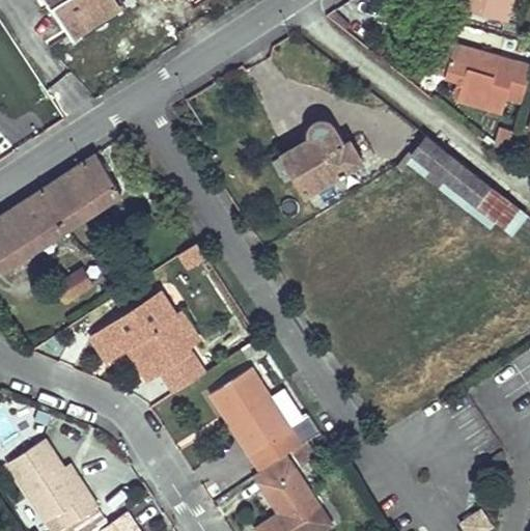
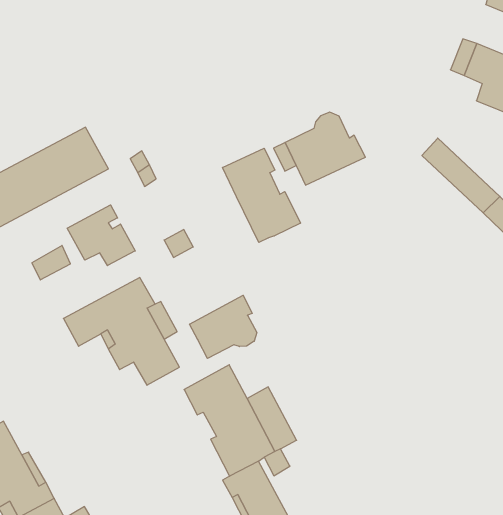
building: none -> [223,148,300,242]
building: none -> [67,205,135,266]
building: none -> [190,295,257,358]

